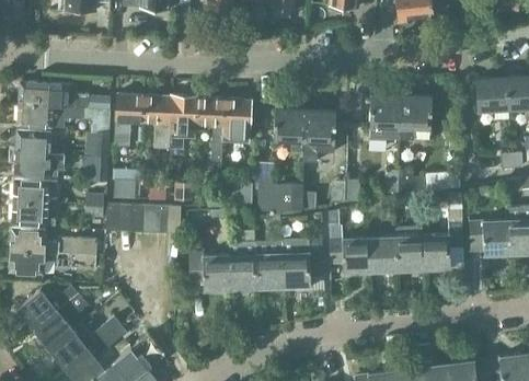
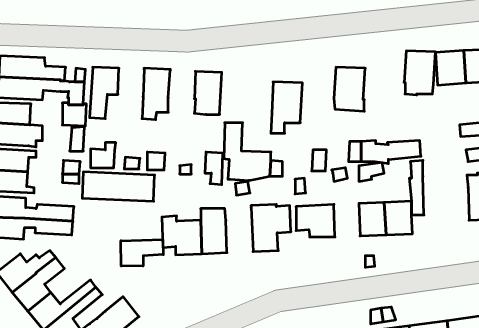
building: [143,95,171,148] -> none
building: [400,95,433,141] -> [404,51,436,95]
building: [196,97,225,162] -> none
building: [274,108,306,142] -> none
building: [469,220,510,255] -> none
building: [369,236,396,272] -> none
building: [255,241,285,288] -> none
building: none -> [121,239,163,266]

